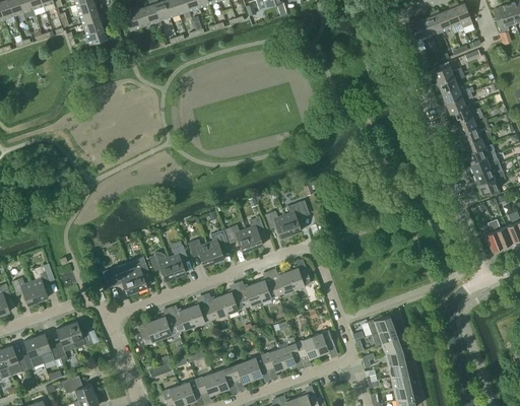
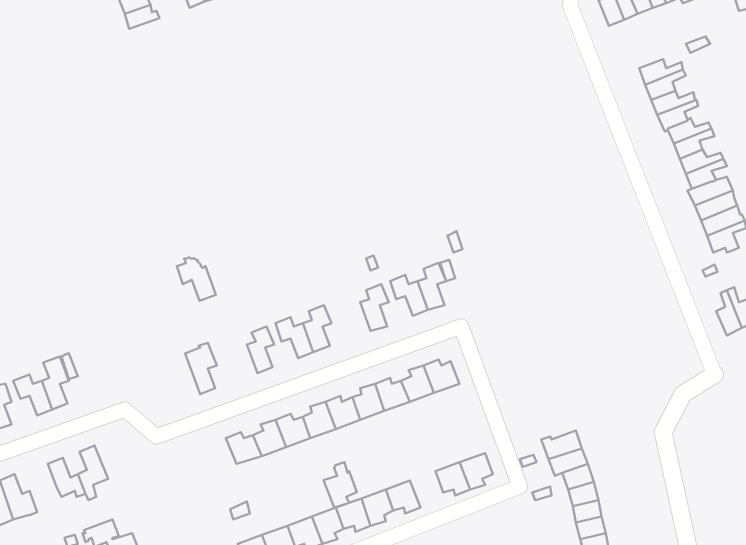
building: [224,224,252,252] -> none
building: [149,251,176,280] -> [177,257,216,301]
building: [109,263,137,294] -> none
building: [136,320,161,346] -> none
building: [66,321,93,347] -> none
building: [278,336,301,366] -> [323,462,357,507]
building: [22,337,44,369] -> none

